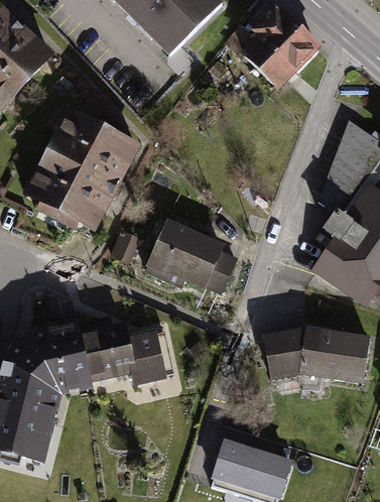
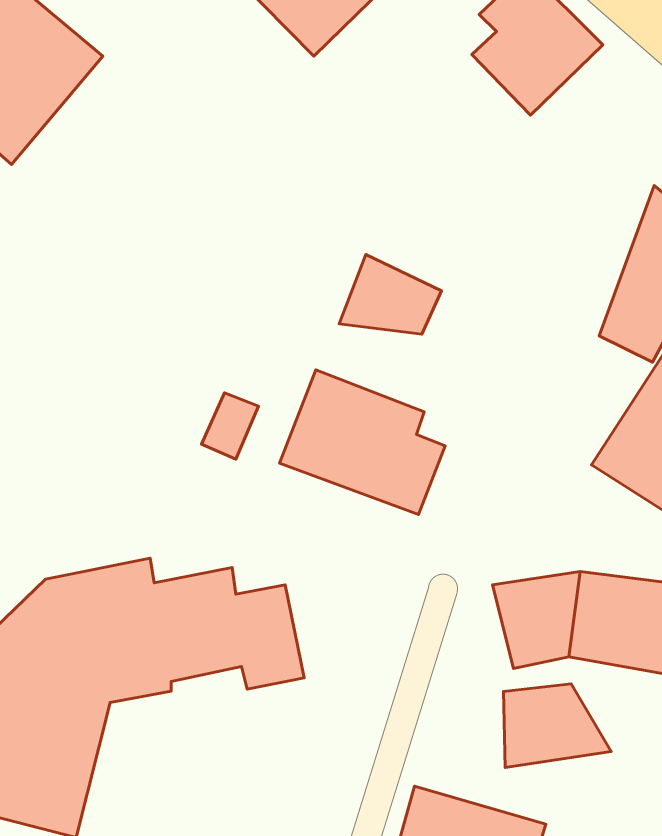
building: [22,111,135,230] -> none
building: none -> [339,254,442,334]
building: none -> [503,684,611,768]

